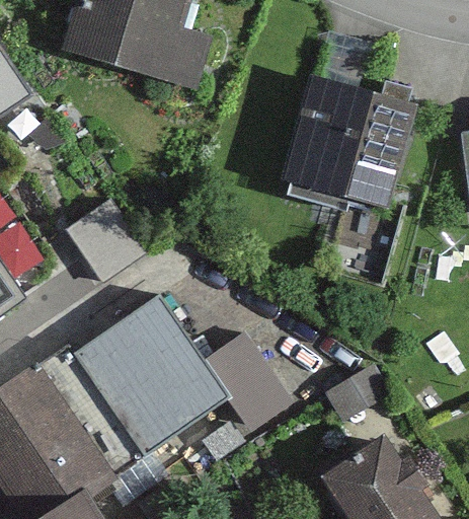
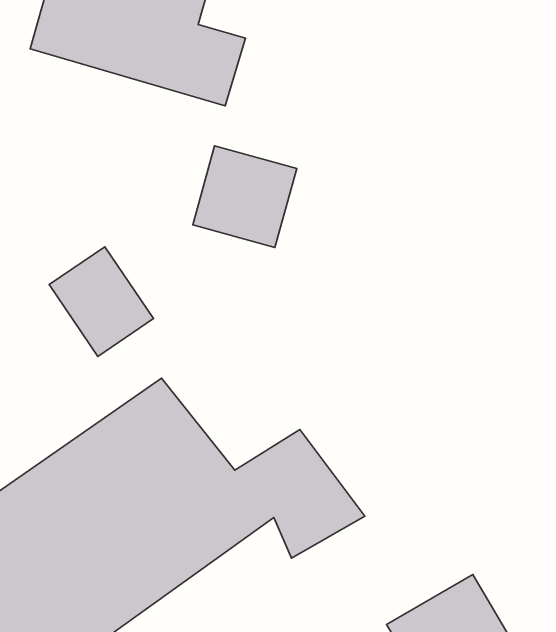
building: [281,76,415,215] -> none
building: none -> [193,146,297,248]

